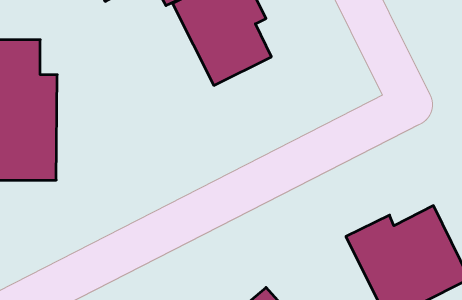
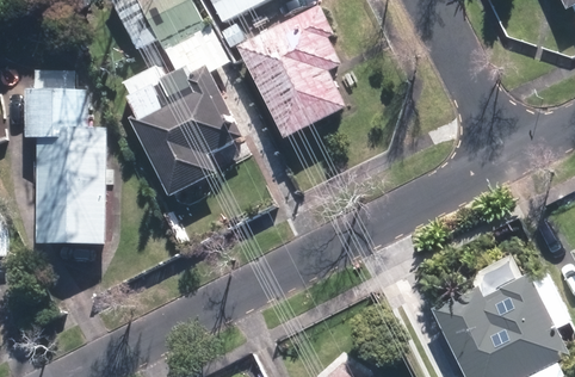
building: none -> [124,60,242,194]

